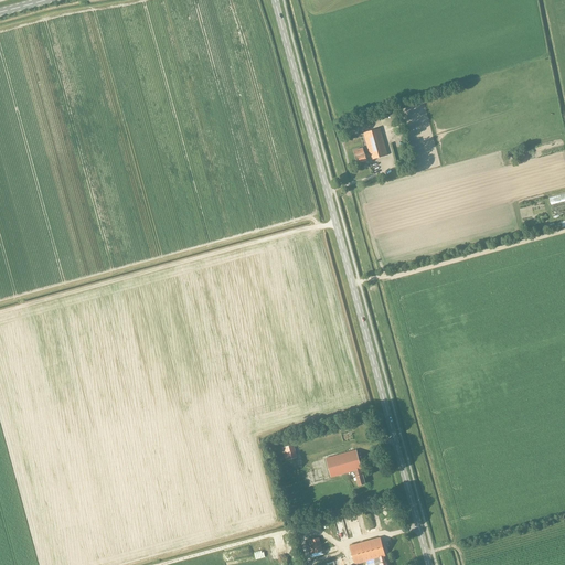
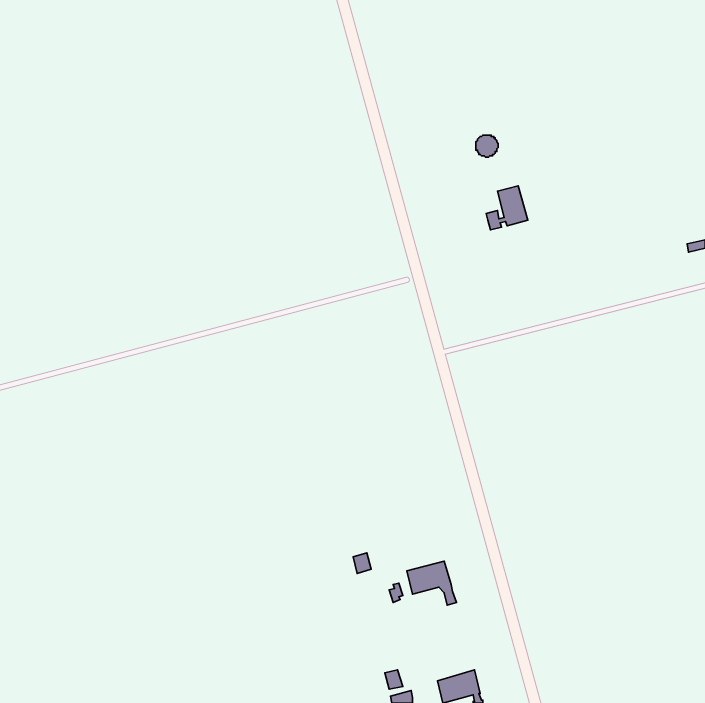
building: [354,127,387,162] -> [486,186,528,230]

